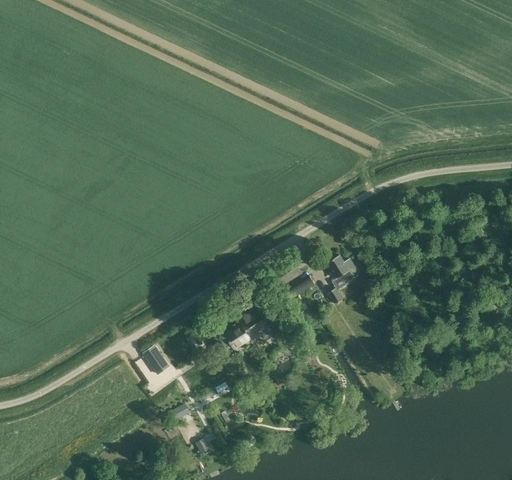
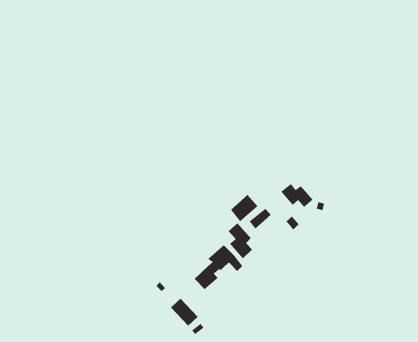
building: none -> [228,223,253,259]
building: [142,346,169,376] -> [170,298,198,326]

